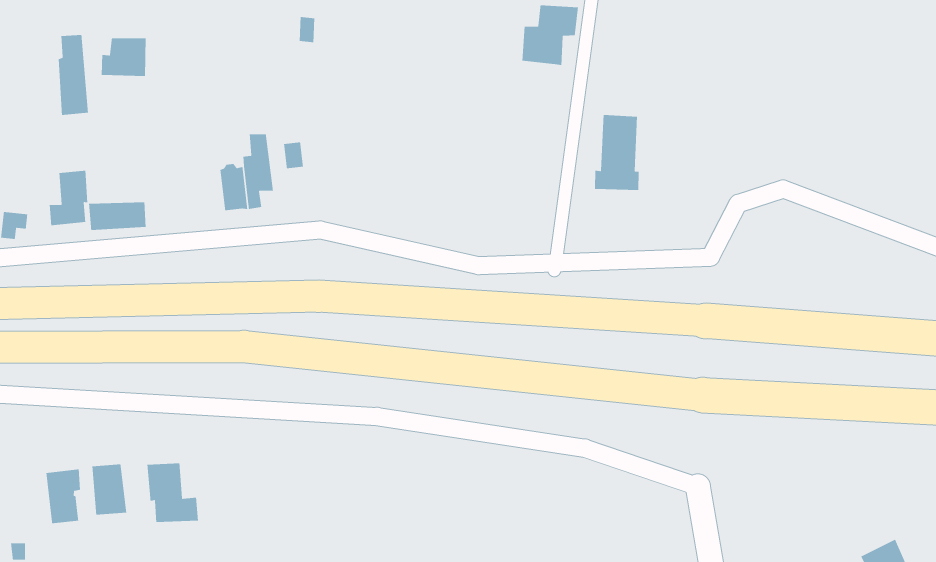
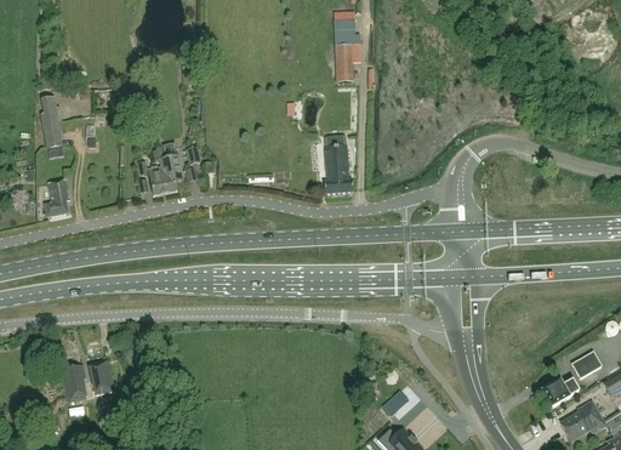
building: [594,114,639,191] -> [324,144,353,193]
building: [88,201,147,231] -> none
building: [147,463,199,523] -> none

